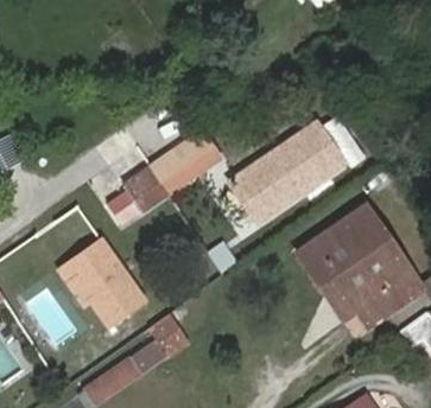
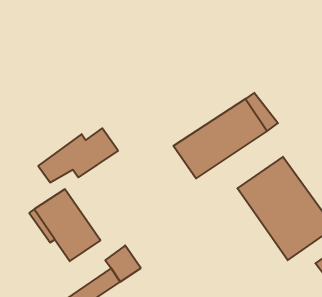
building: [146,121,232,196] -> none
building: [290,241,354,318] -> none

